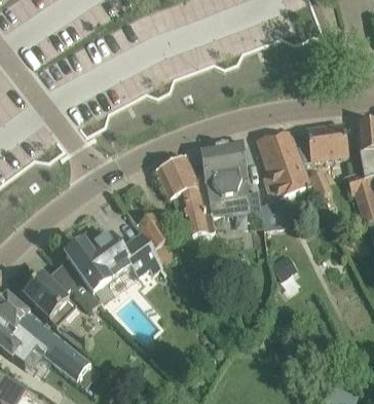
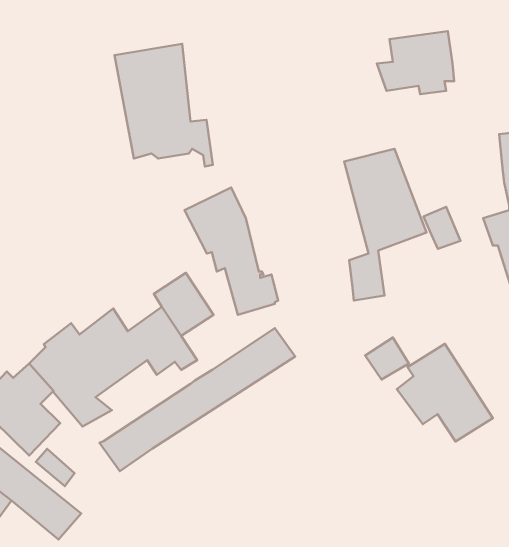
building: [297,122,346,162] -> [377,31,454,94]
building: [198,141,261,219] -> [114,44,213,167]
building: none -> [99,328,295,471]
building: none -> [397,344,493,441]

